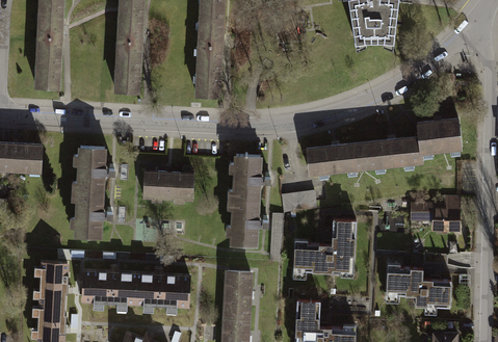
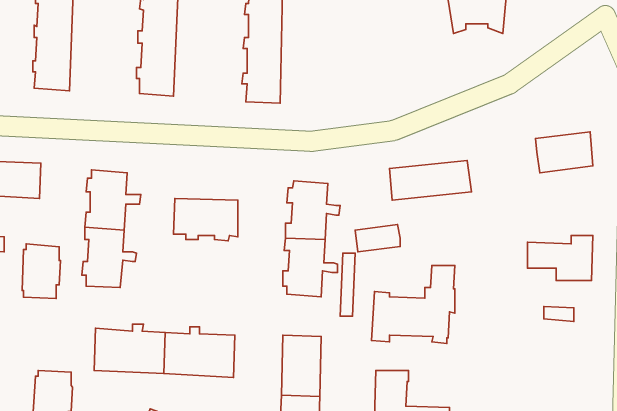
building: [365,134,421,164] -> none
building: [37,260,67,301] -> [22,244,60,299]
building: [385,264,450,312] -> none

